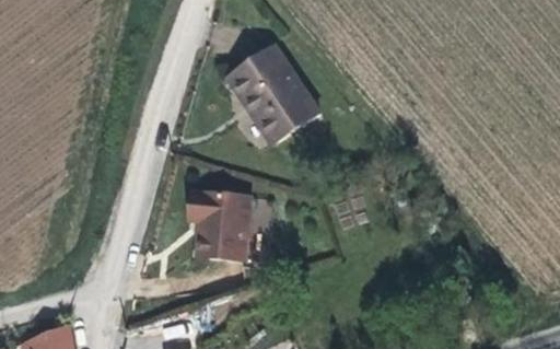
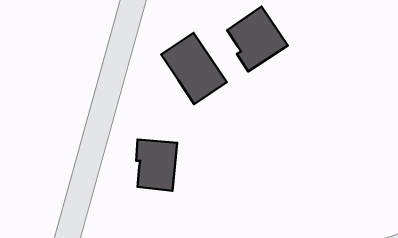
building: none -> [227,7,288,71]

